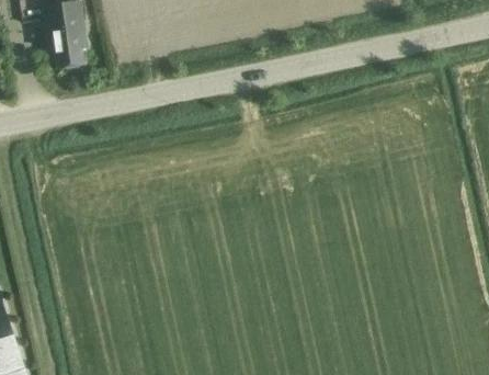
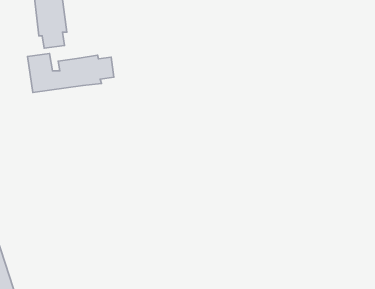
building: none -> [27,53,114,93]

